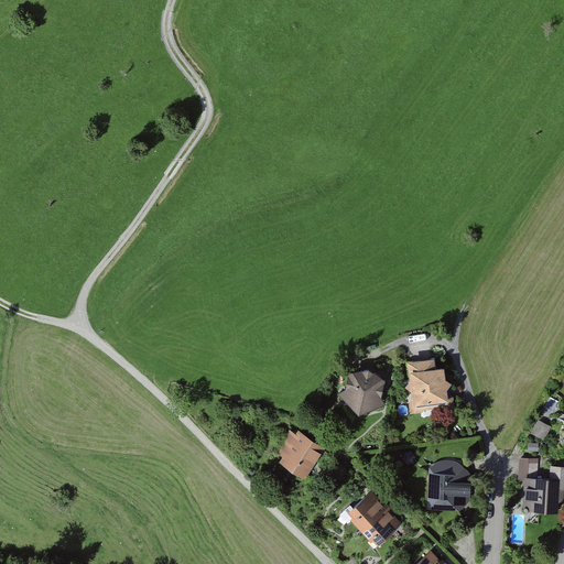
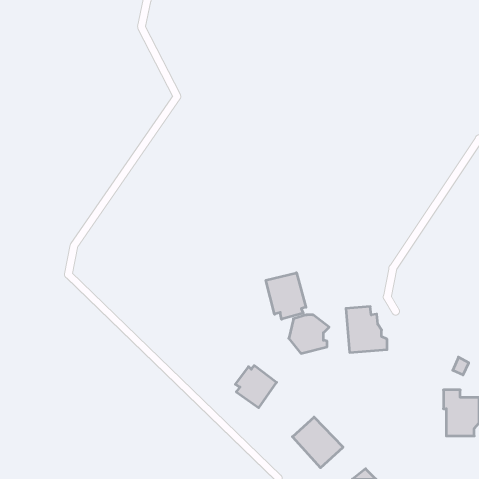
building: none -> [266,273,306,319]
building: [426,462,471,516] -> none

